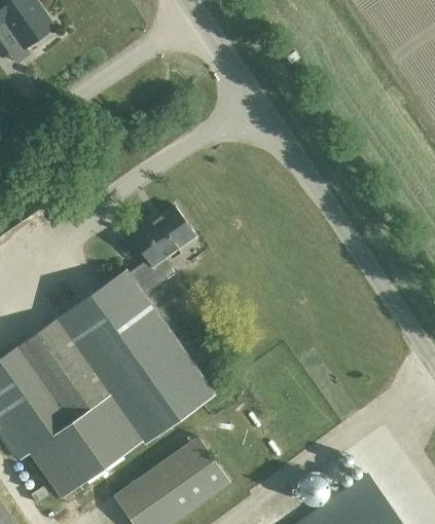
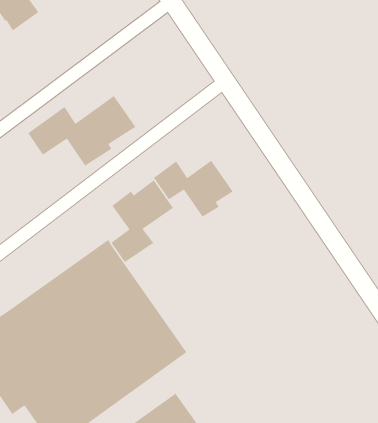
building: none -> [27,95,136,167]
building: none -> [153,160,234,218]

